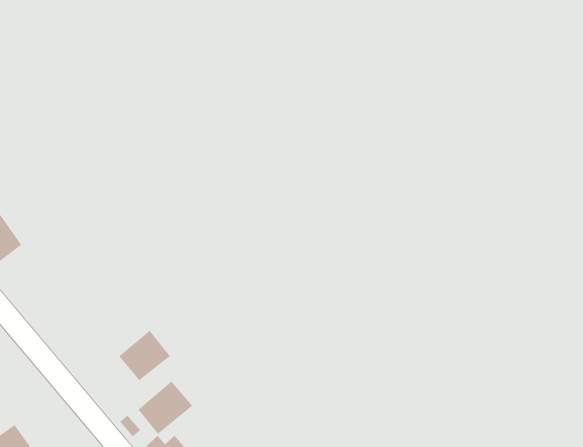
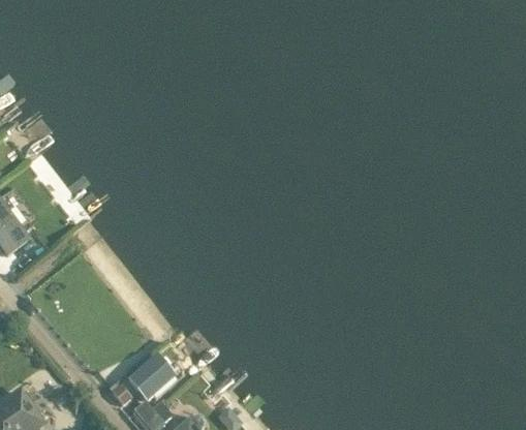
building: [118,330,171,381] -> none

